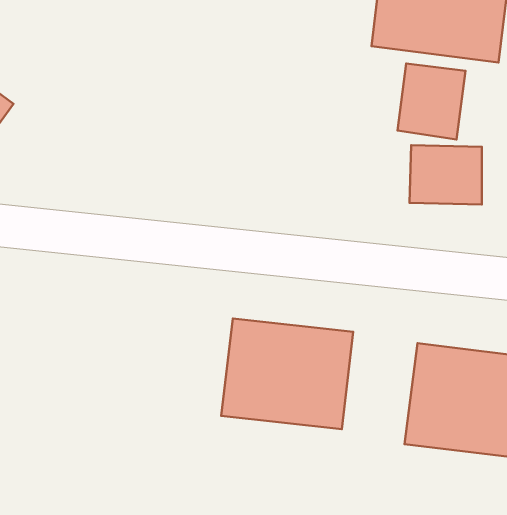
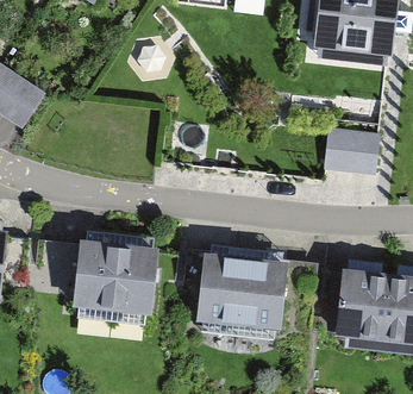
building: [397,63,465,139] -> none
building: none -> [61,234,162,314]

